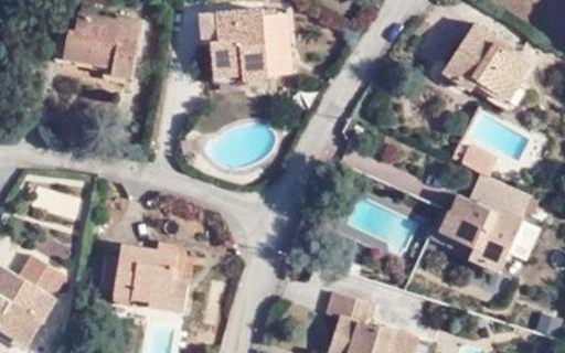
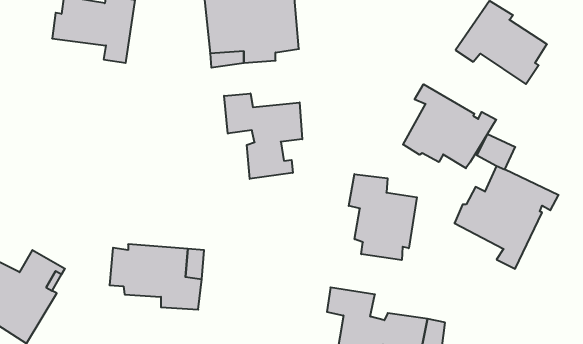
building: none -> [403,84,496,168]
building: none -> [224,93,302,179]
building: none -> [349,174,417,260]

